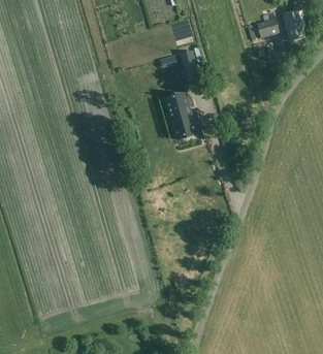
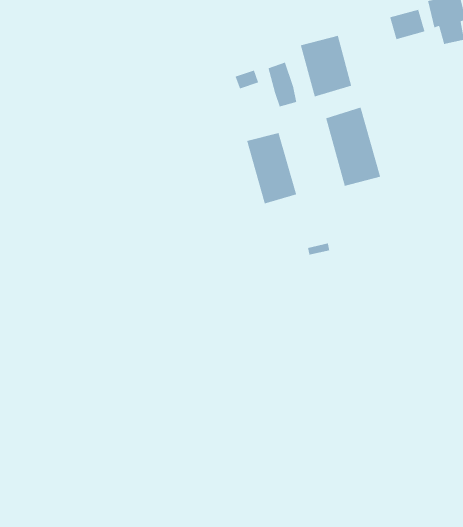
building: none -> [300,35,352,97]
building: none -> [325,107,381,187]

